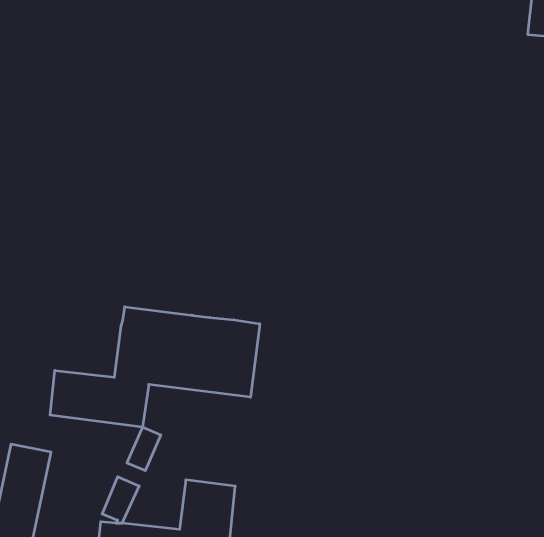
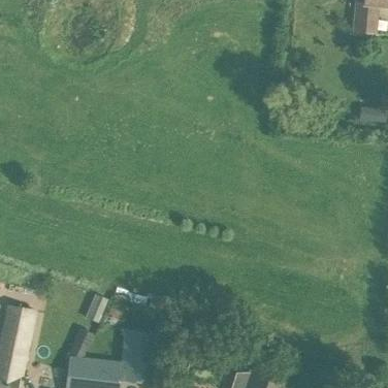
building: [50,307,260,427] -> none

